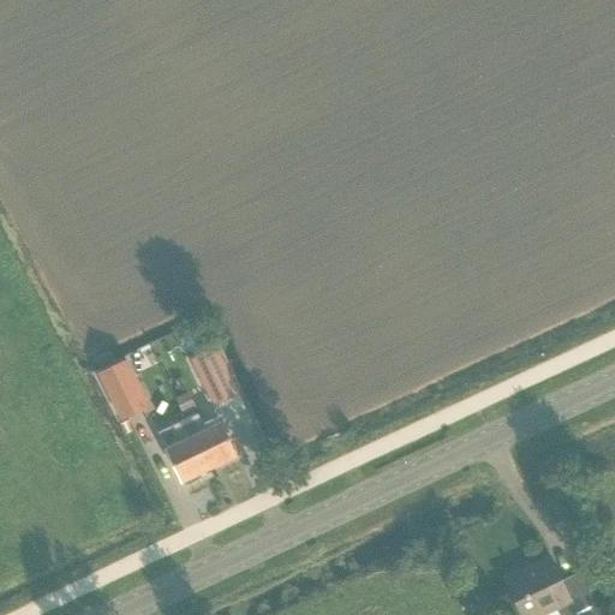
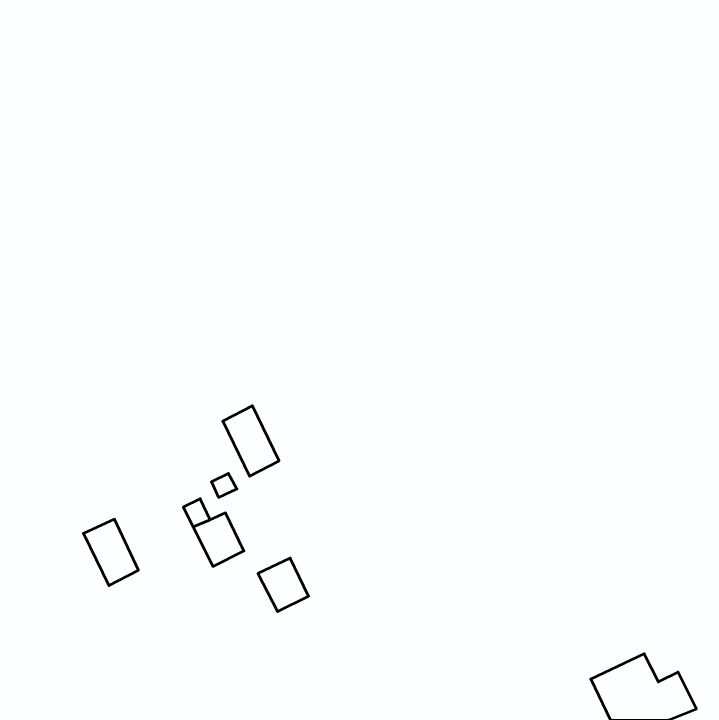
building: [100,363,147,419] -> [83,519,138,586]
building: [192,424,235,470] -> [258,558,309,612]

